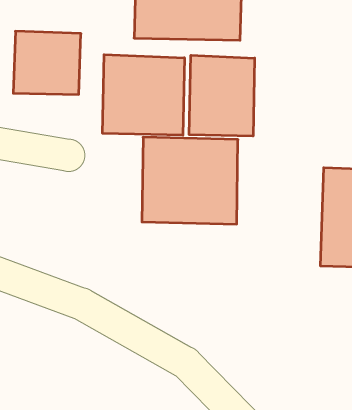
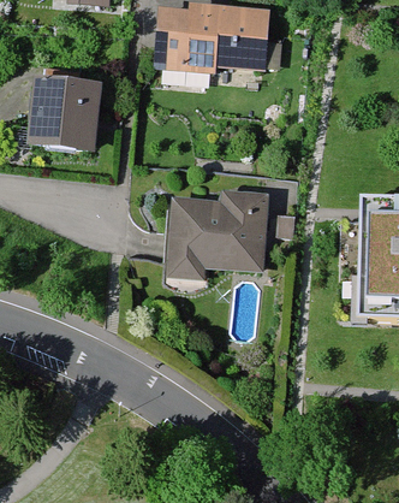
building: [103,55,184,135] -> none
building: [189,55,255,136] -> none

